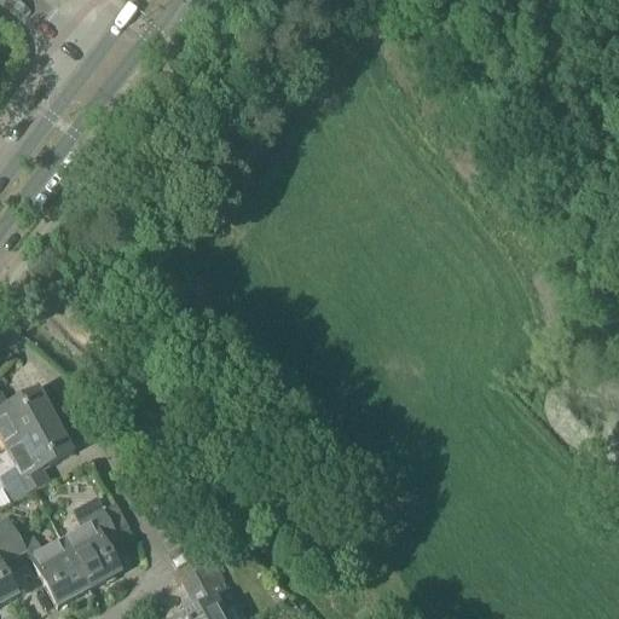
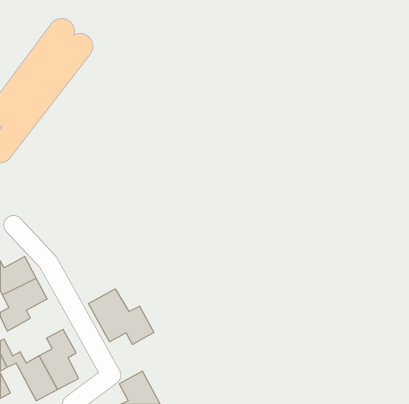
building: none -> [89,289,154,345]

